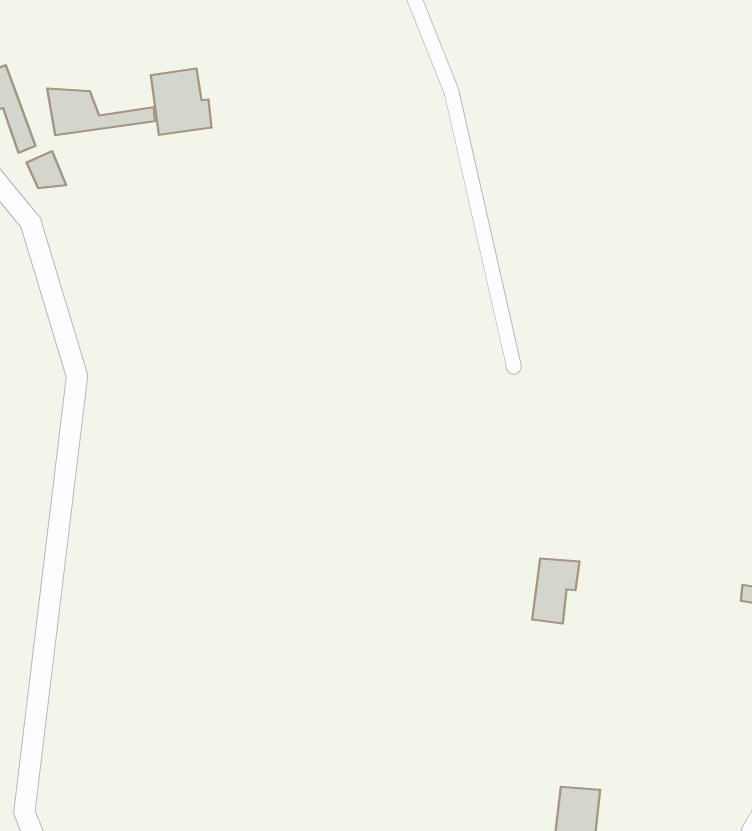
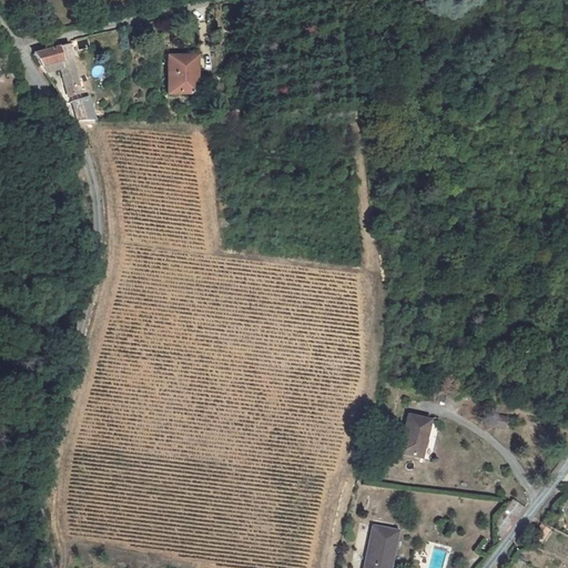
building: [47,89,155,135] -> none
building: [532,558,580,624] -> [399,414,433,456]

